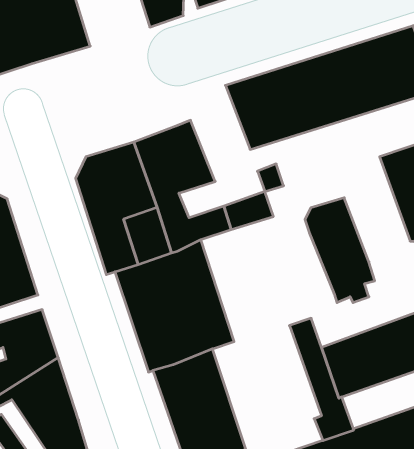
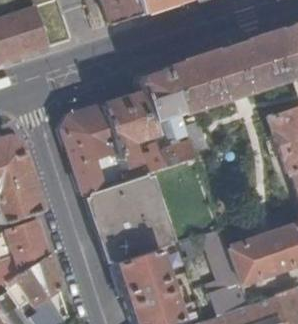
building: [305,198,375,303] -> [136,68,184,140]

